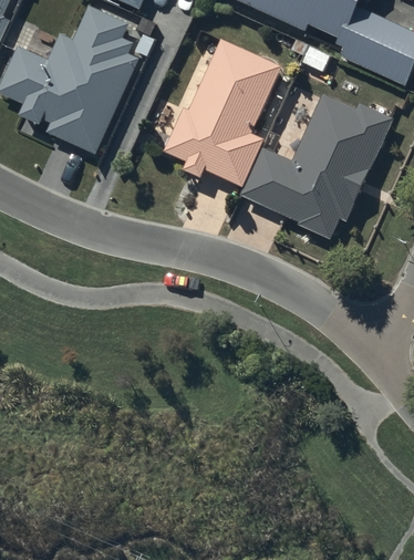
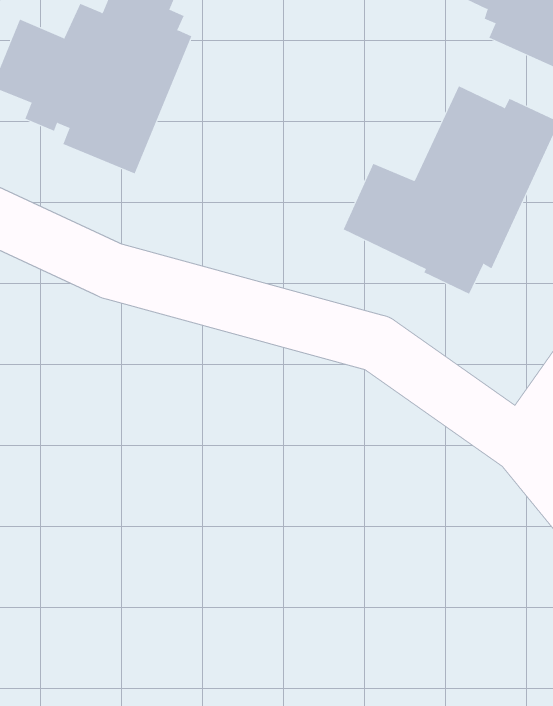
building: [163,38,282,185] -> none

